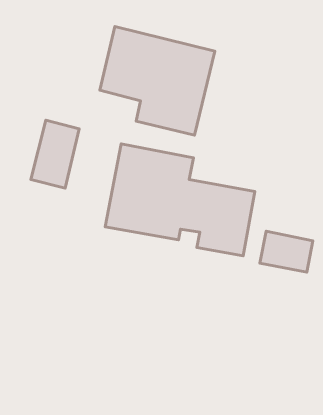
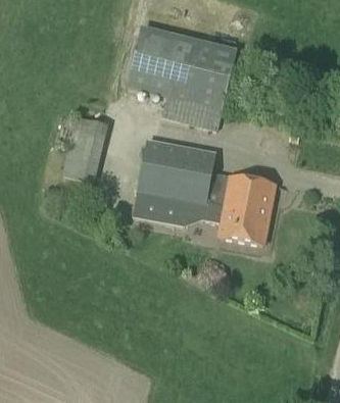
building: [260,231,313,272] -> none

